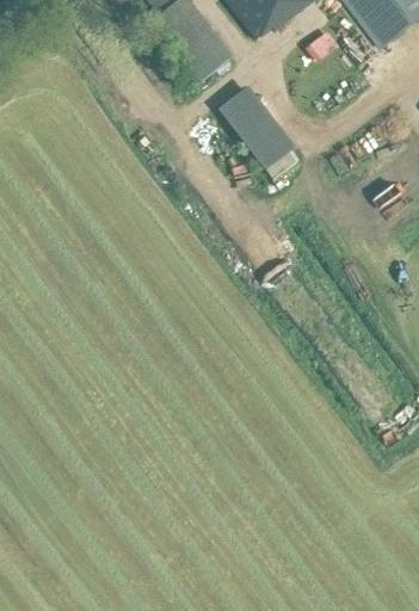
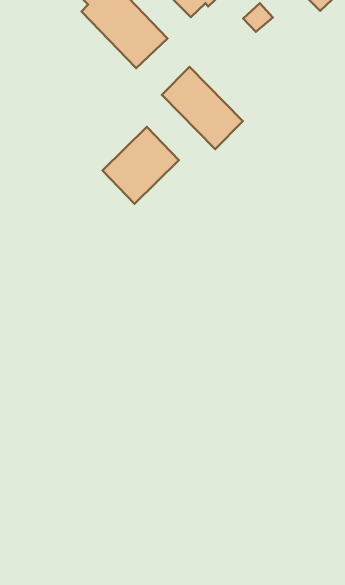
building: none -> [102,127,179,204]

